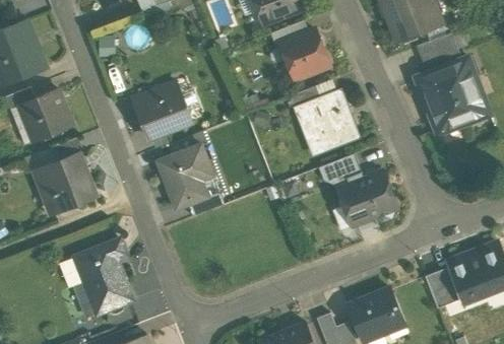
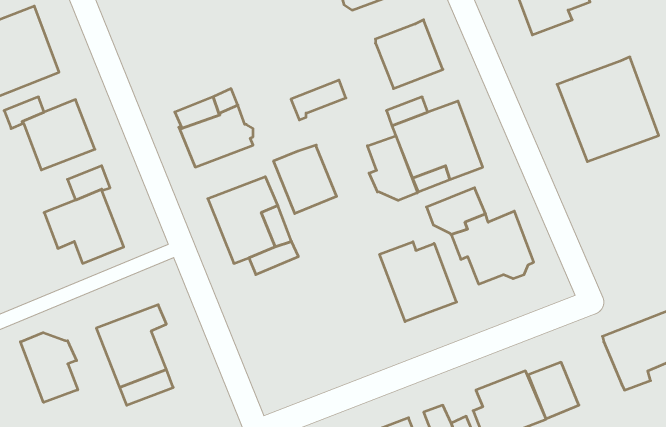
building: [269,19,310,49] -> [291,80,346,120]
building: [416,32,461,73] -> none
building: none -> [367,136,417,200]
building: none -> [274,145,337,214]
building: none -> [380,242,457,322]
building: none -> [20,333,78,402]
building: [425,267,462,308] -> [528,362,579,419]

